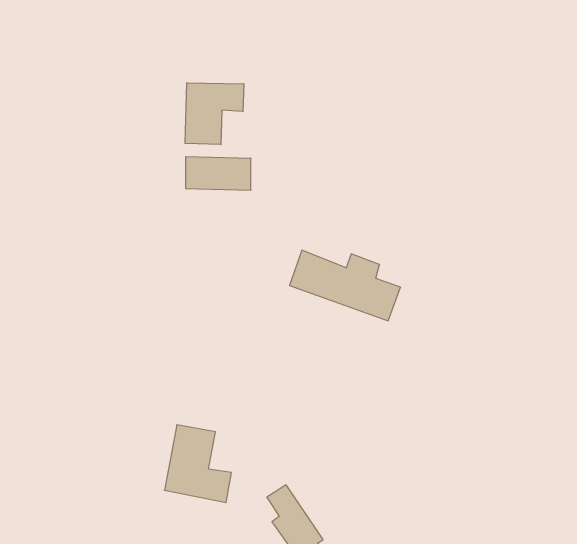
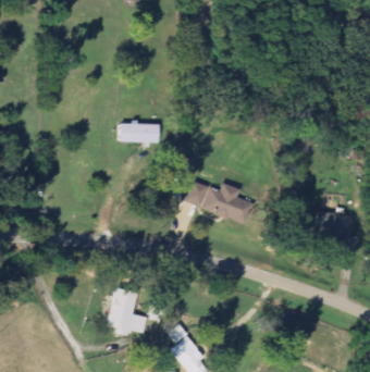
building: [185,83,244,145] -> none
building: none -> [316,207,355,234]

